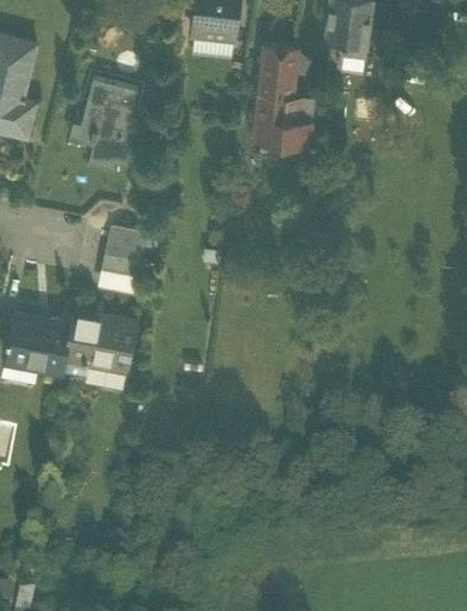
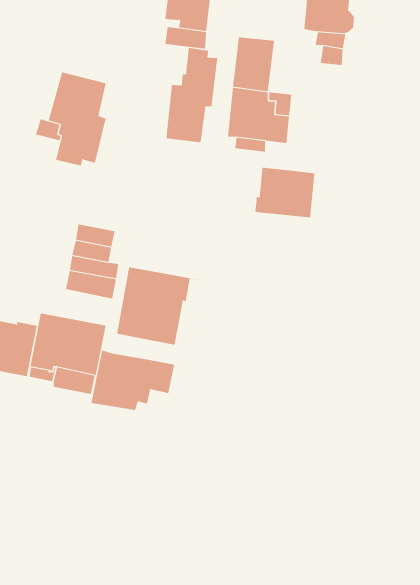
building: none -> [166,47,218,143]
building: none -> [241,167,315,218]
building: none -> [116,267,206,346]
building: none -> [91,350,175,411]

